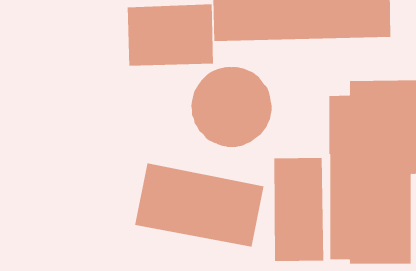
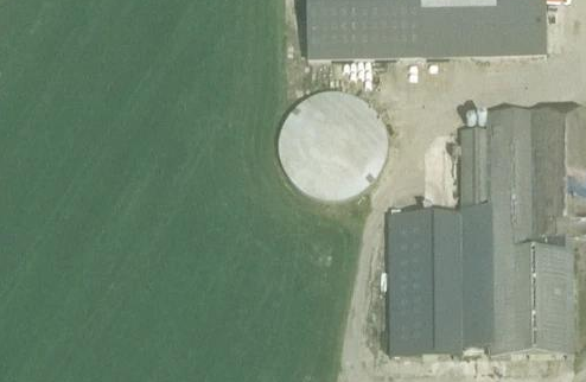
building: [127,4,214,66] -> none
building: [135,162,264,248] -> none

